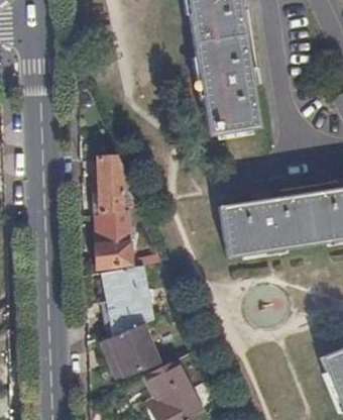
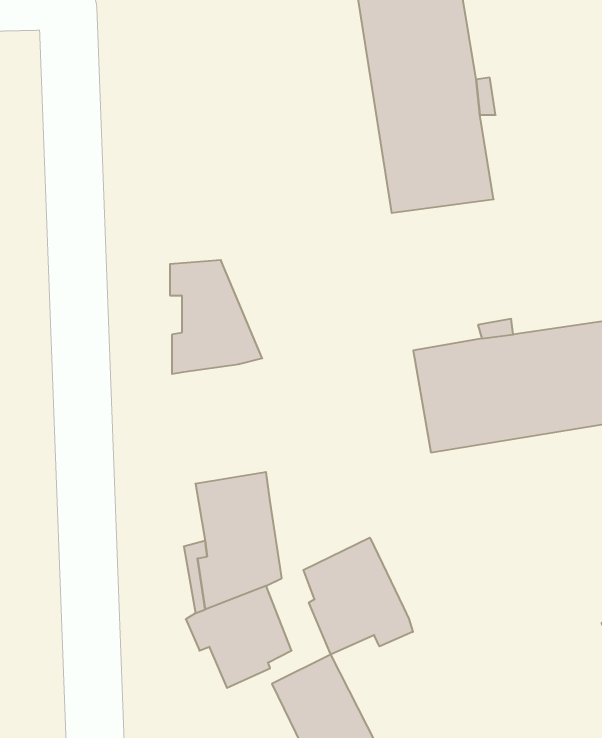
building: [95,210,131,269] -> none
building: none -> [303,538,413,655]

